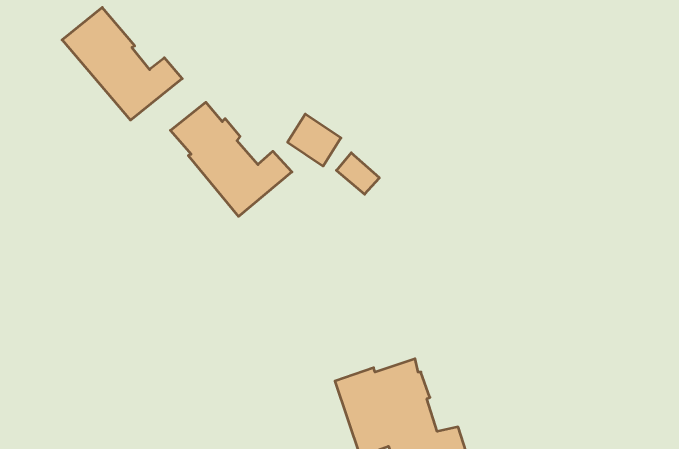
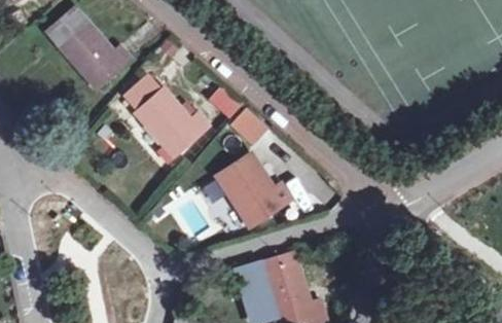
building: none -> [217,156,288,223]

